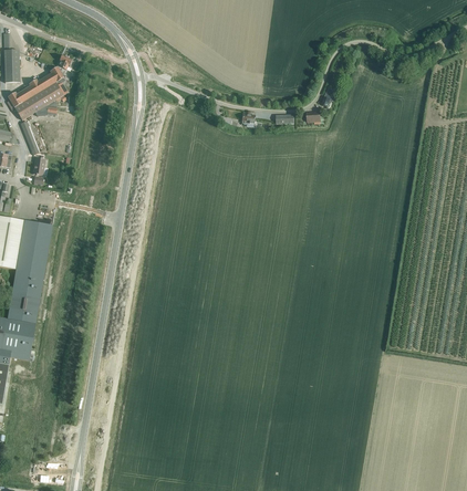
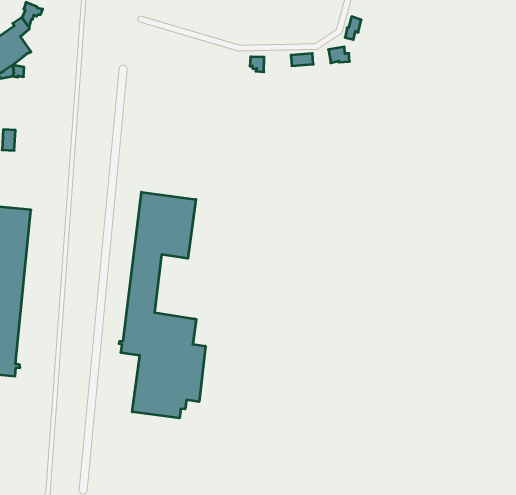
building: none -> [119,192,205,418]

